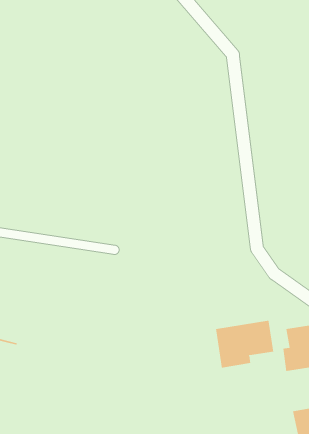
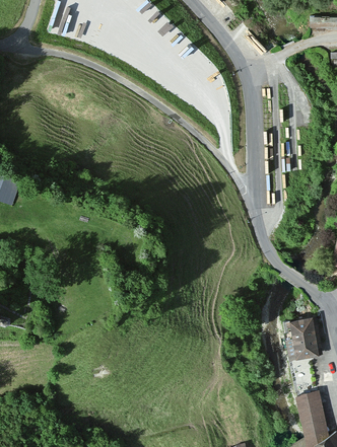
building: [215,320,274,369] -> none

